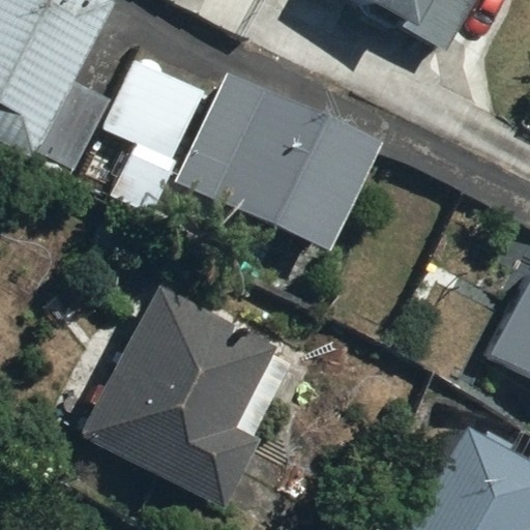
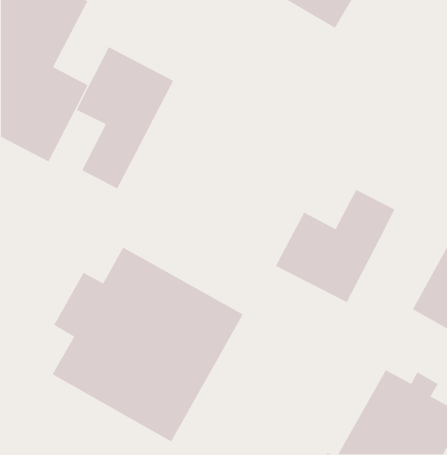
building: [172,68,379,256] -> none
building: none -> [275,189,396,303]

